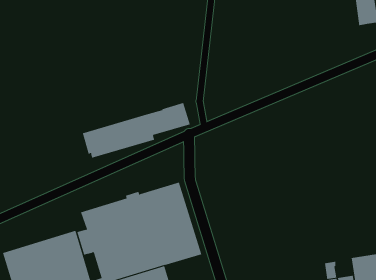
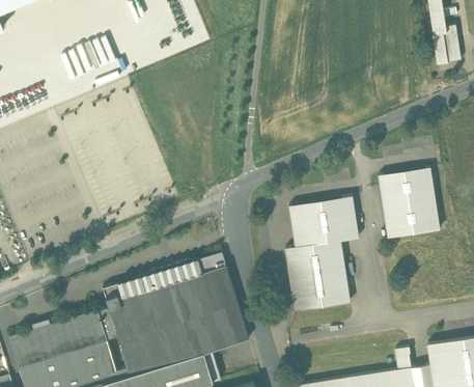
building: [82,102,190,158] -> none
building: none -> [379,170,440,240]
building: none -> [285,198,359,313]

